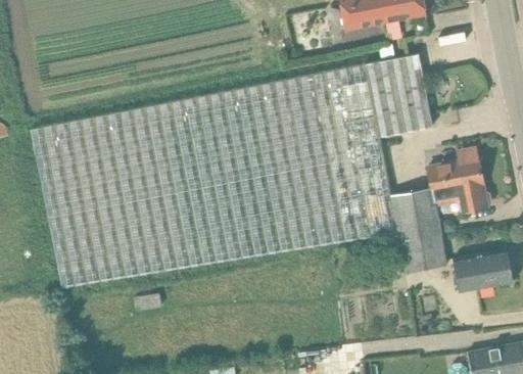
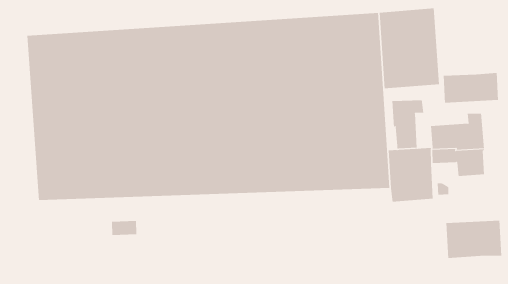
building: none -> [443,72,499,103]
building: none -> [392,99,424,150]
building: [400,236,445,268] -> none

